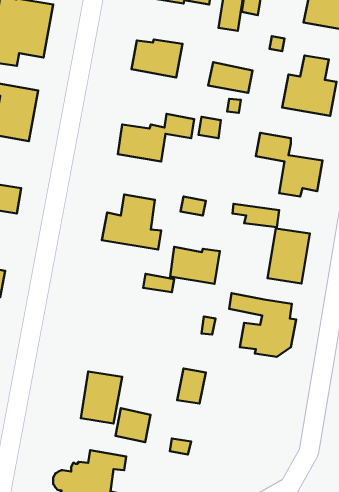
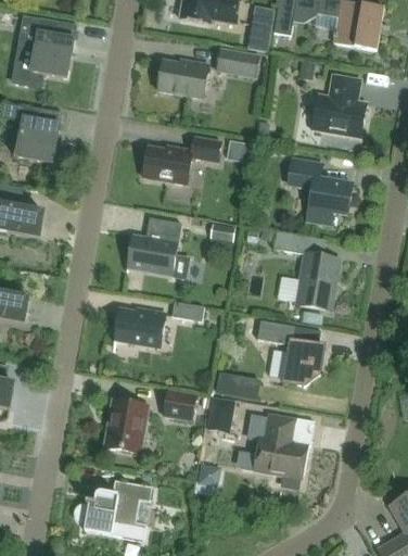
building: [208,62,253,93] -> [212,45,257,76]
building: [170,247,220,284] -> [114,308,165,346]
building: none -> [214,371,258,399]
building: none -> [254,415,307,477]
building: [116,408,151,442] -> [160,386,195,420]

